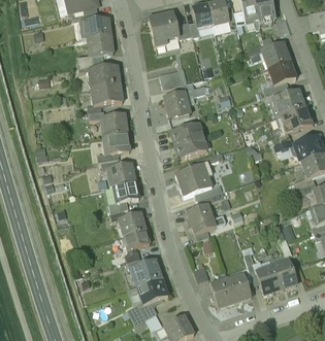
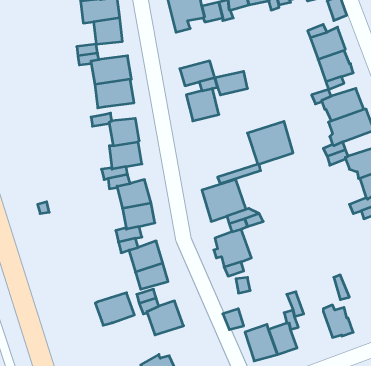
building: [170,125,206,159] -> [247,121,293,164]
building: [257,268,280,296] -> none
building: [137,279,168,305] -> [95,293,134,325]

